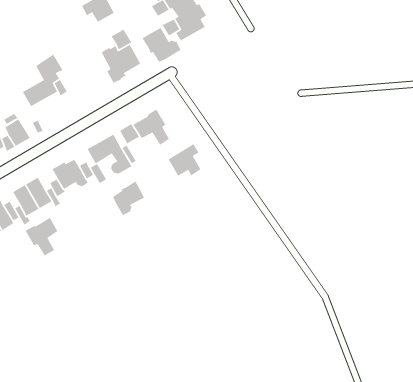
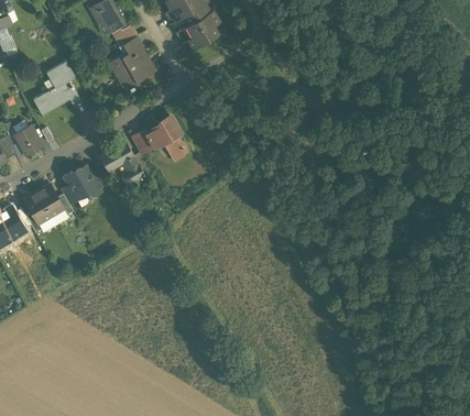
building: [141,27,182,63] -> none
building: [167,143,201,177] -> none
building: [112,181,145,216] -> none
building: [24,217,59,259] -> none

